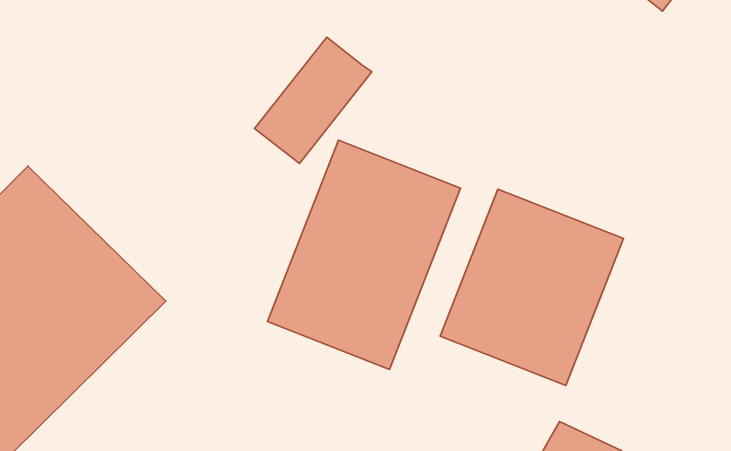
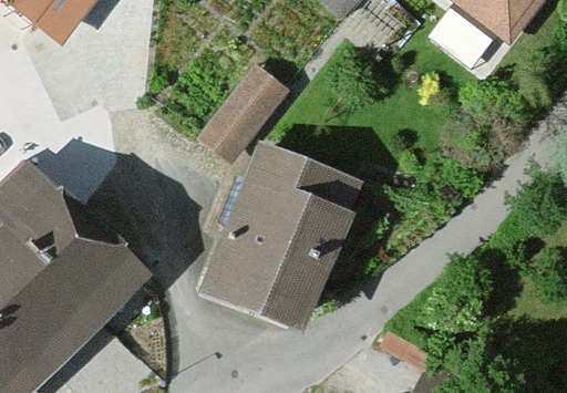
building: [440,189,624,385] -> none

